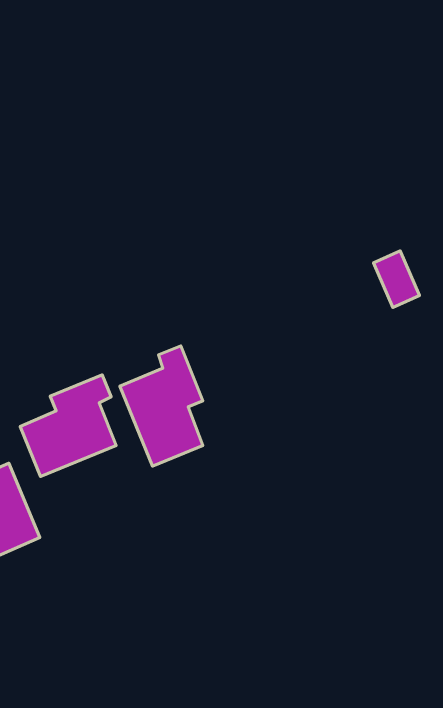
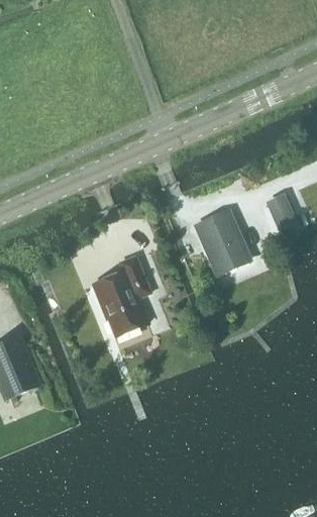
building: none -> [199,214,249,277]
building: [20,375,116,476] -> none

